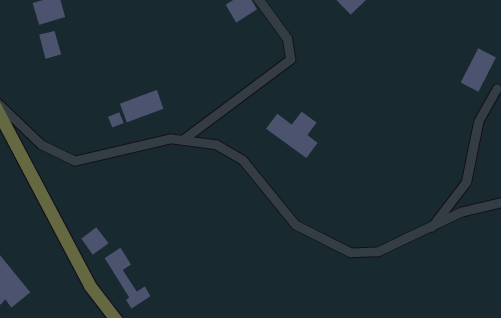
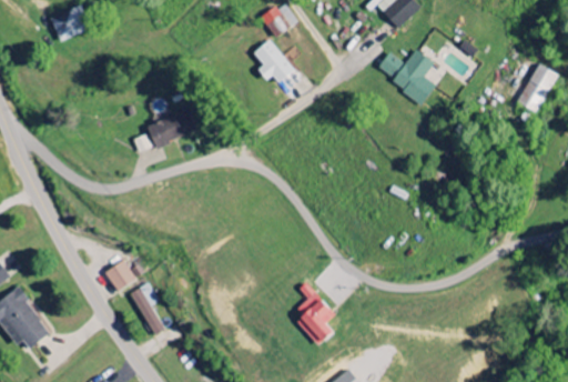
building: none -> [253,39,295,83]
building: [38,30,62,60] -> none
building: [265,110,319,159] -> [377,49,436,102]
building: none -> [296,282,336,345]

